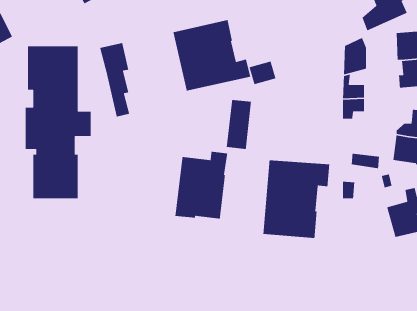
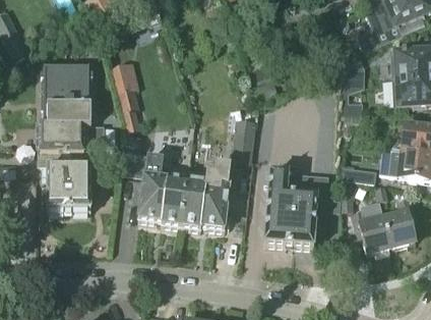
building: [173,19,251,91] -> none
building: none -> [138,143,188,226]
building: none -> [353,210,389,253]

